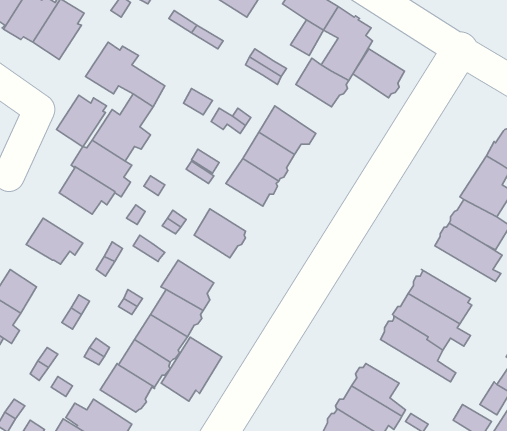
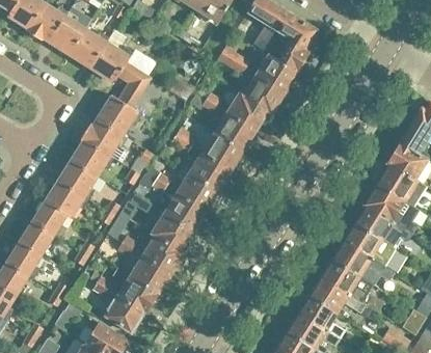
building: [353,49,404,98] -> [244,75,285,113]
building: [56,95,107,147] -> [71,28,110,69]
building: none -> [189,153,231,190]
building: none -> [58,160,97,199]
building: none -> [164,193,205,230]
building: none -> [32,200,65,238]
building: none -> [355,201,413,243]
building: [161,337,222,401] -> none
building: none -> [311,275,378,316]

